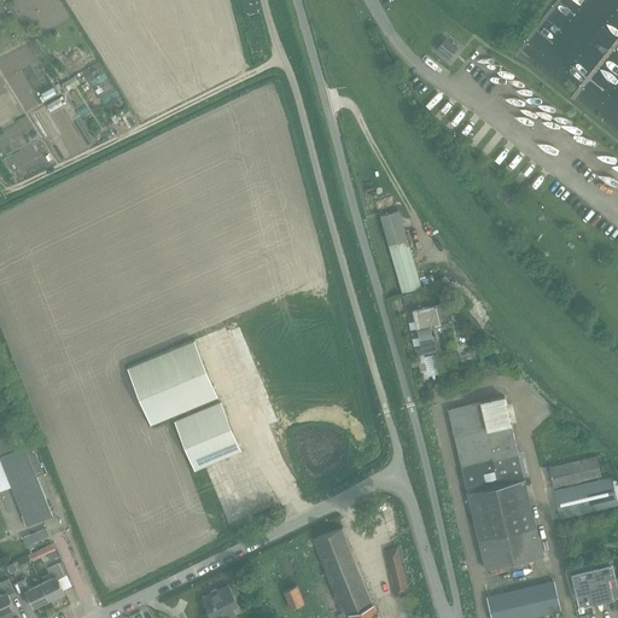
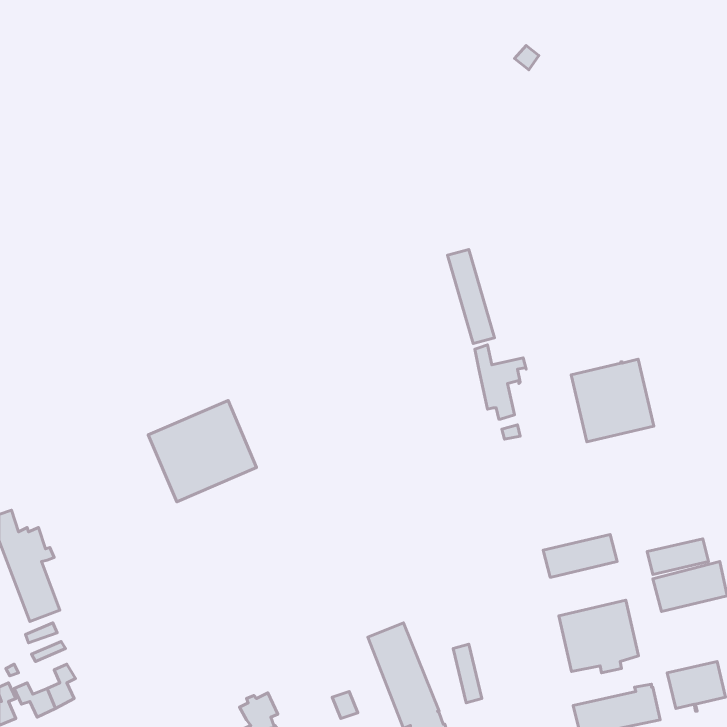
building: [447,397,517,467] -> [571,359,654,442]
building: [174,403,240,471] -> none
building: [466,477,530,523] -> none

